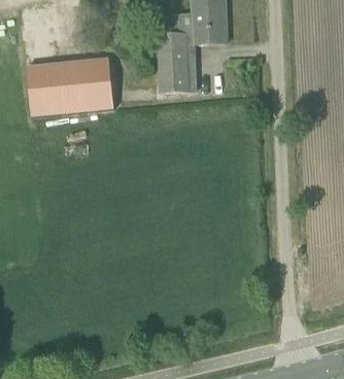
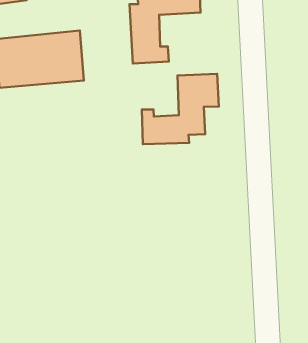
building: none -> [142,74,219,144]

